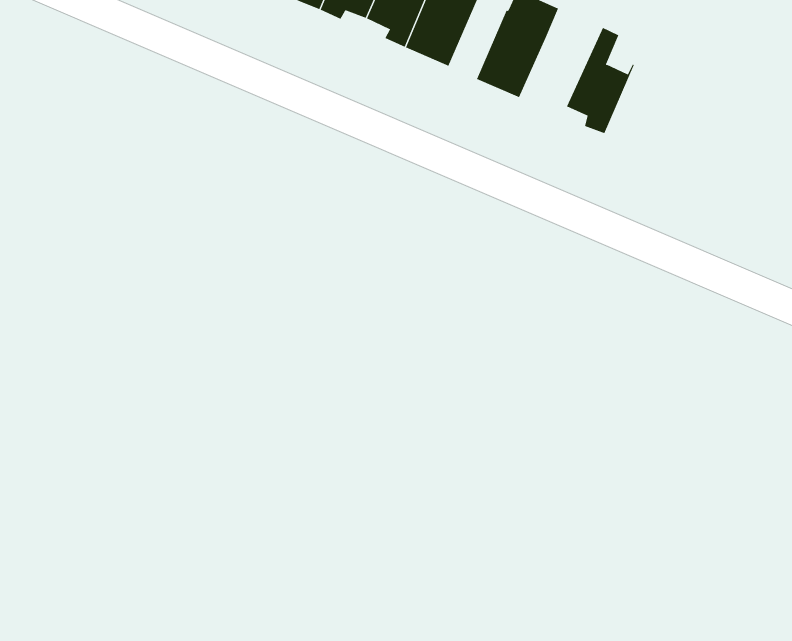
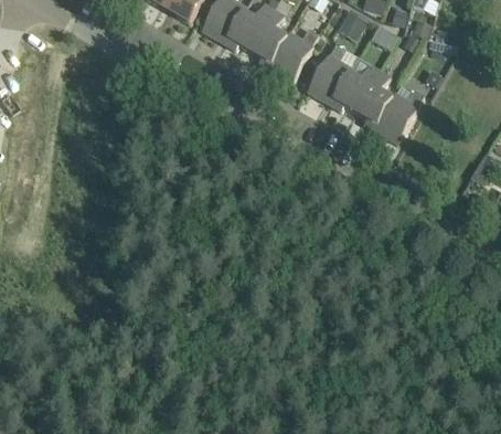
building: none -> [330,63,381,112]
building: none -> [375,88,424,142]

